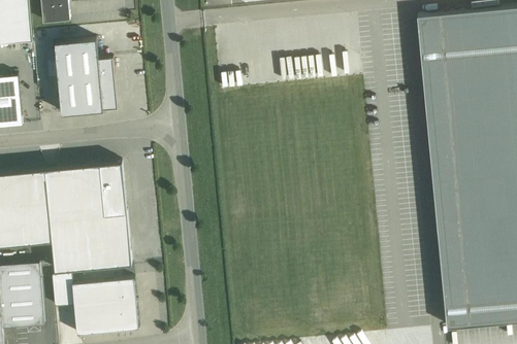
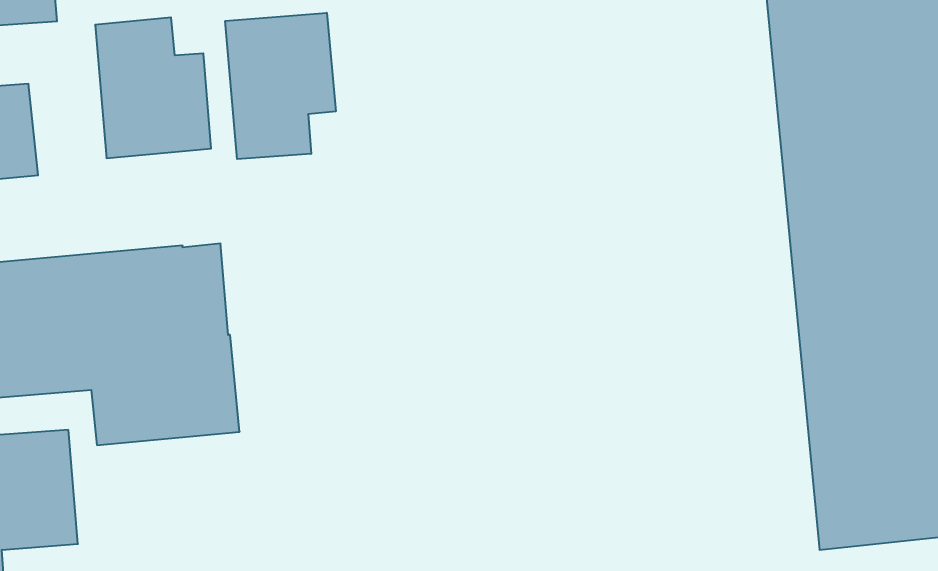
building: none -> [225,13,336,159]
building: [51,274,138,336] -> none

